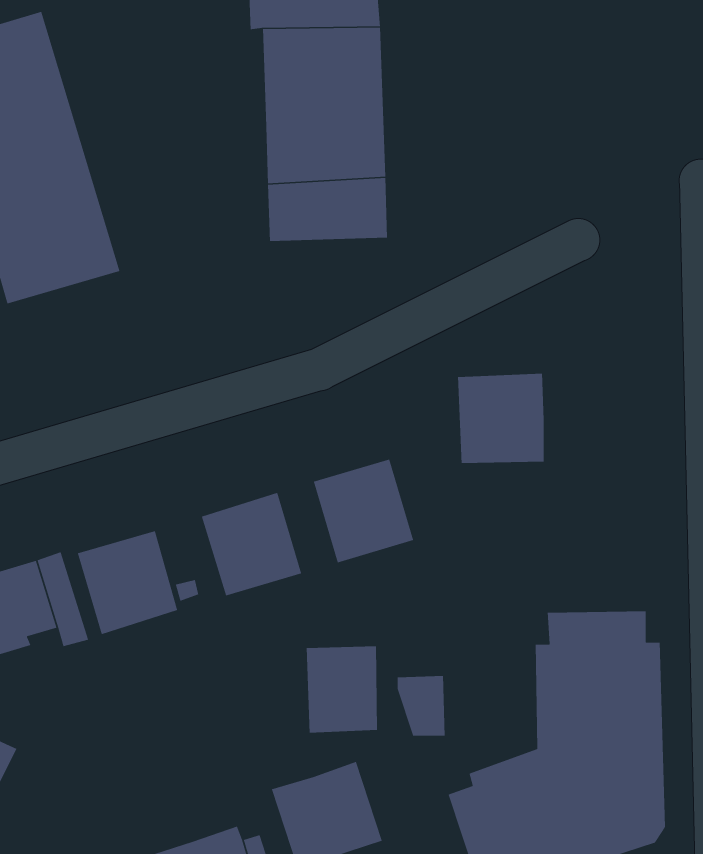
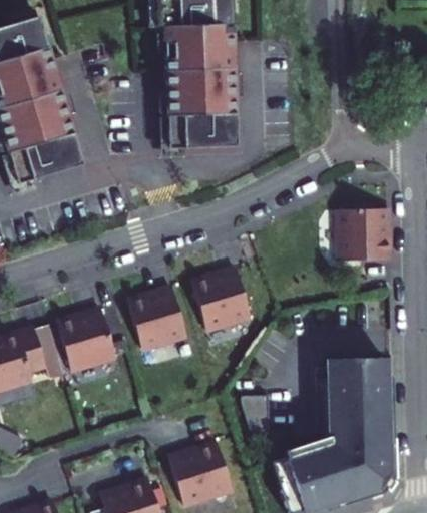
building: [457,373,545,464] -> [339,208,389,261]
building: [306,645,378,734] -> none

